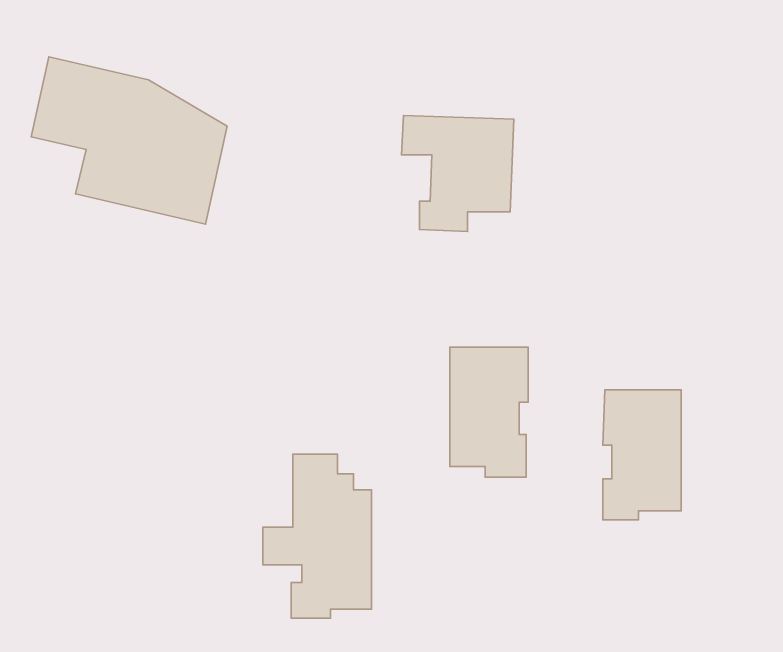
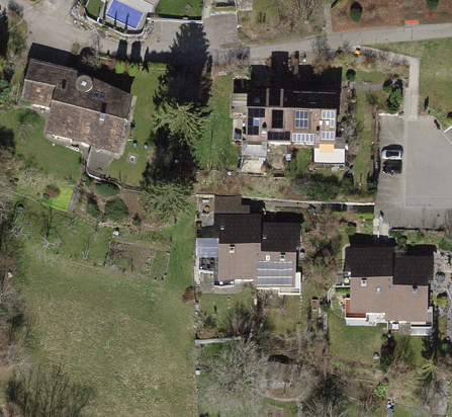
building: none -> [291,91,345,164]
building: none -> [388,254,433,327]
building: [263,454,371,618] -> [195,191,257,284]

